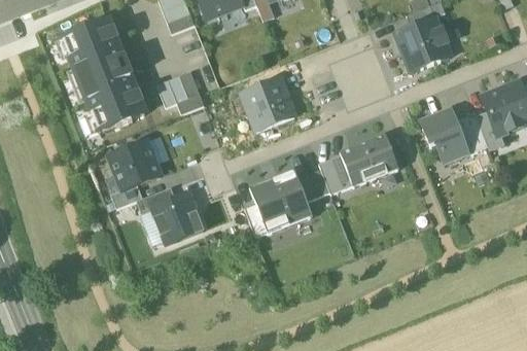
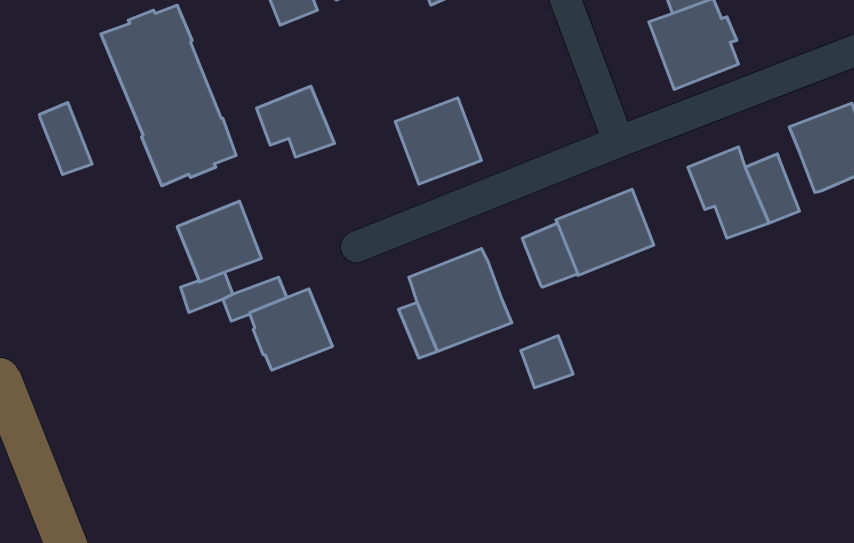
building: none -> [40,102,92,174]
building: [476,110,504,149] -> none
building: [298,168,330,200] -> [521,335,573,388]

